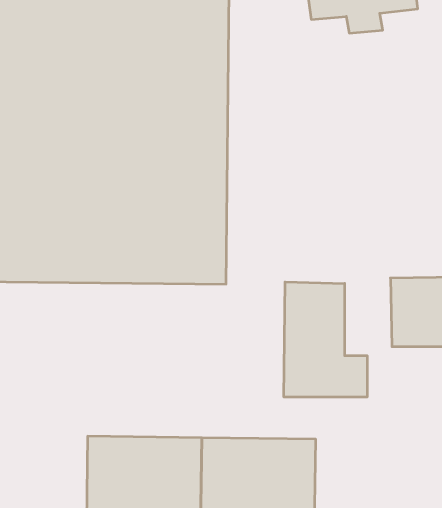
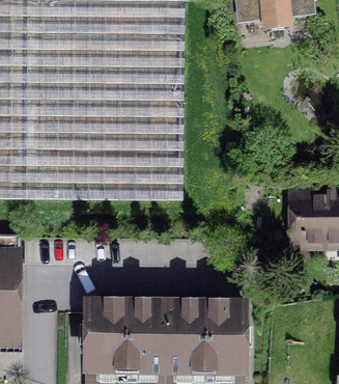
building: [284,282,367,397] -> none

